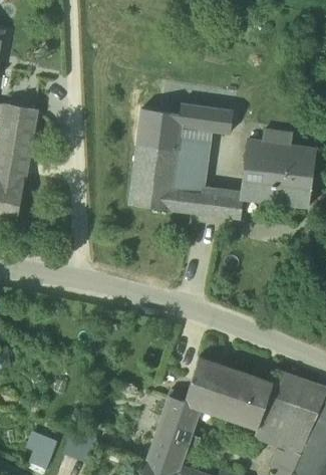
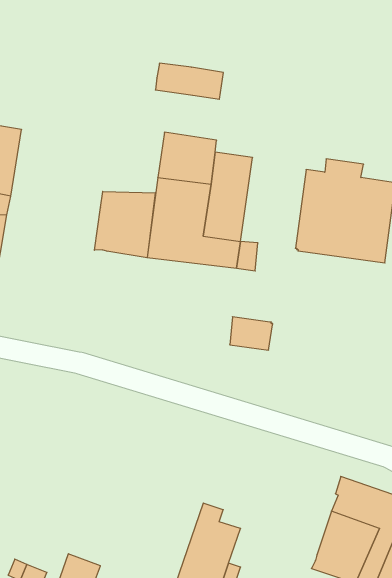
building: [182,104,233,132] -> [155,63,223,99]
building: none -> [94,191,155,258]
building: [212,193,244,218] -> [230,317,273,350]
building: [185,357,274,428] -> none

